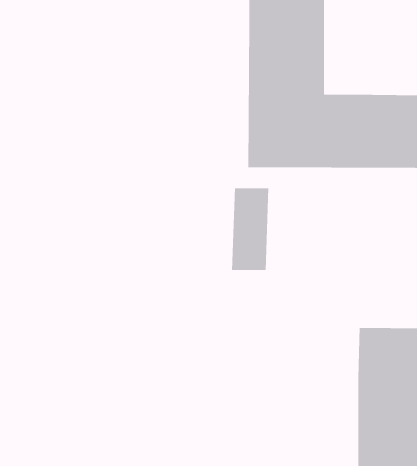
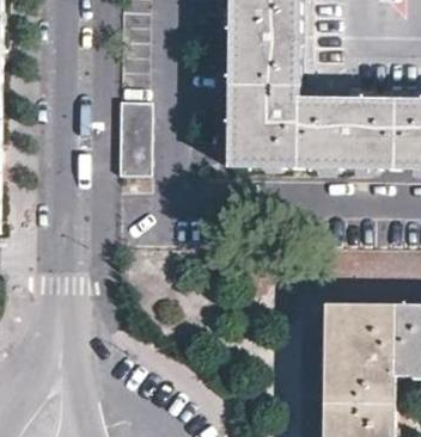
building: [231,188,269,271] -> [112,101,146,174]

